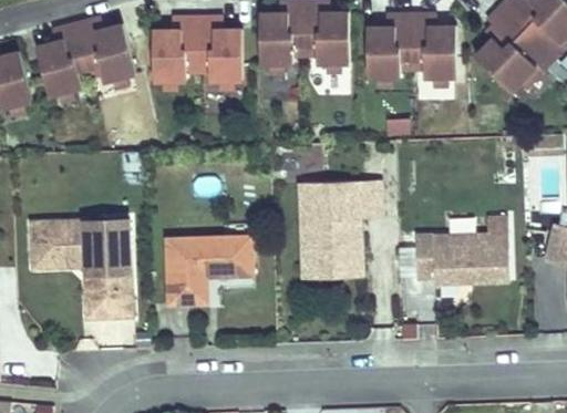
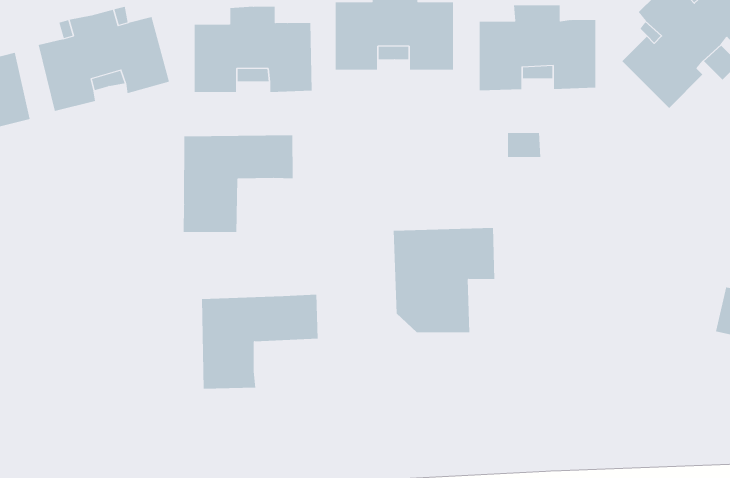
building: none -> [183,134,293,233]
building: [32,211,131,314] -> none
building: [412,225,504,278] -> none
building: [306,249,361,279] -> none

